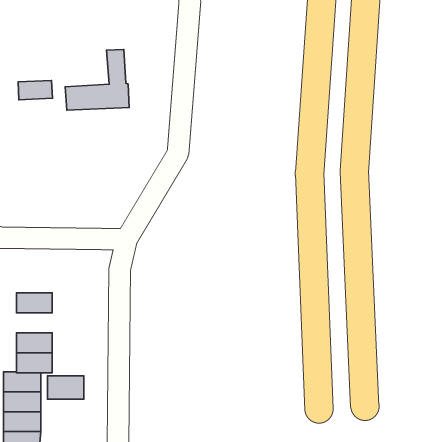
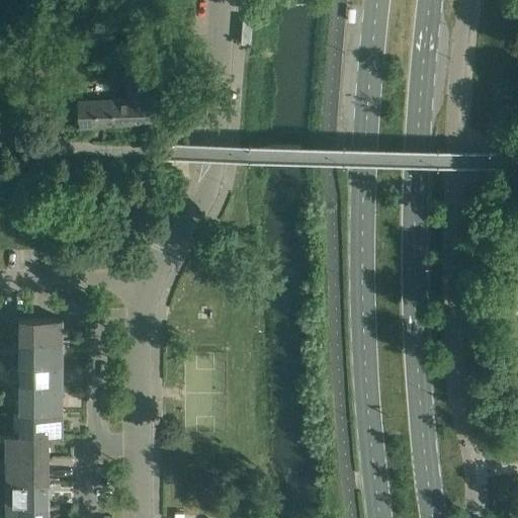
building: [18,81,52,100] -> none
building: none -> [19,319,61,343]
building: none -> [19,366,61,390]
building: [47,376,84,399] -> none

